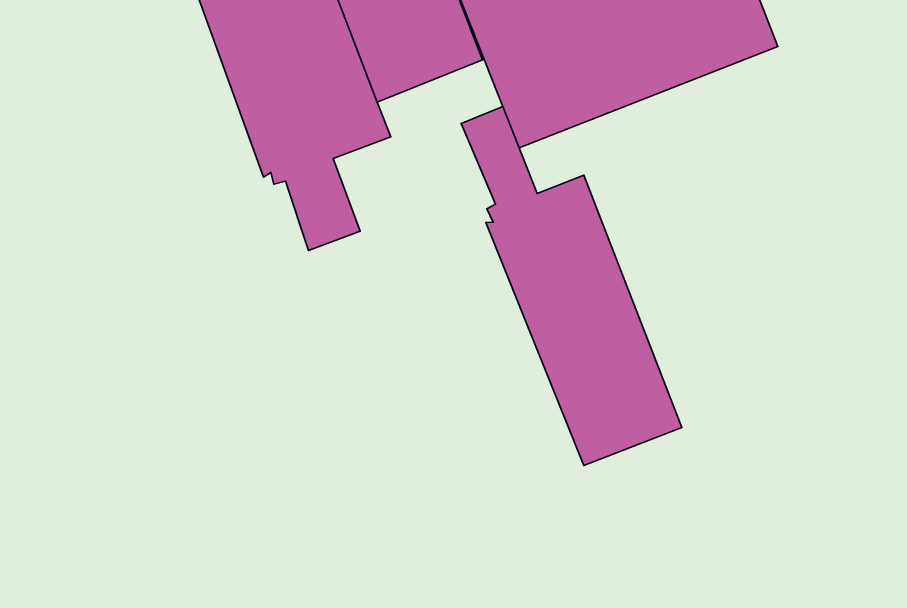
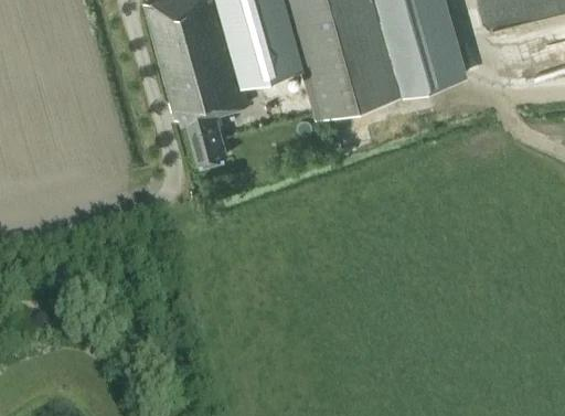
building: [461,107,682,466] -> none

